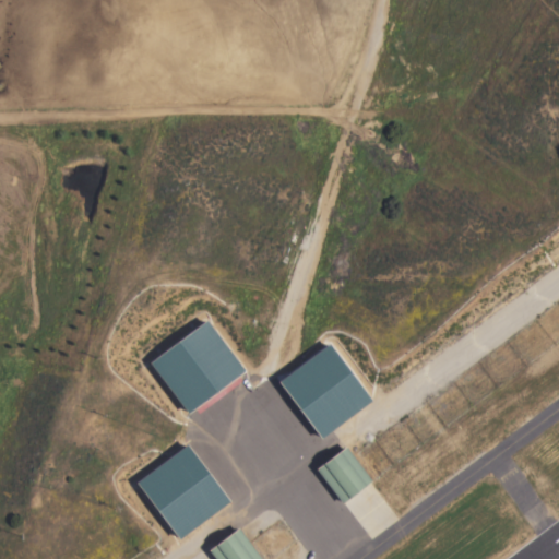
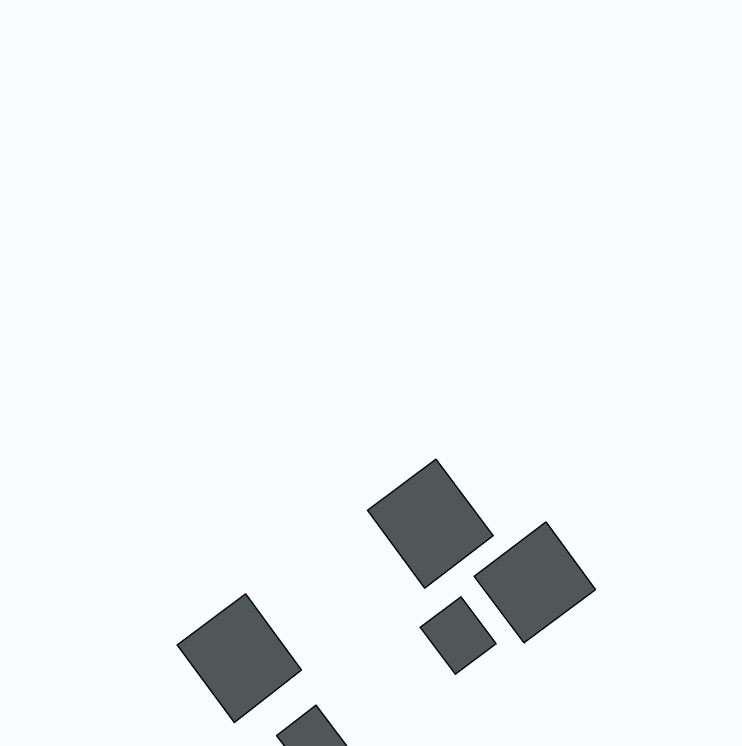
building: [150,320,246,414] -> none
building: none -> [474,522,595,643]

